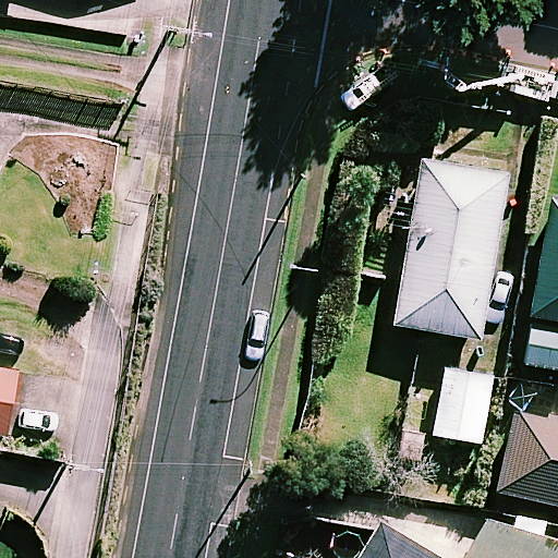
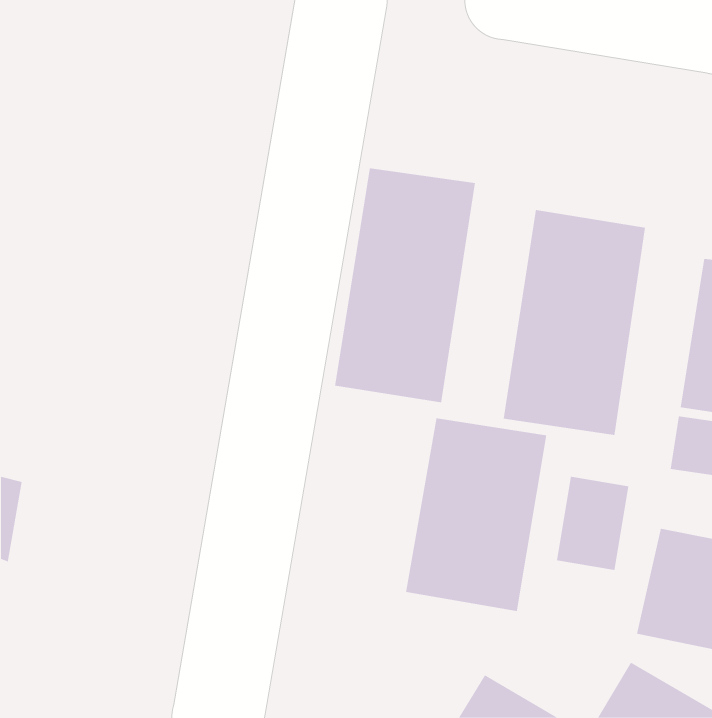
building: none -> [334,167,475,403]
building: none -> [406,417,547,612]

